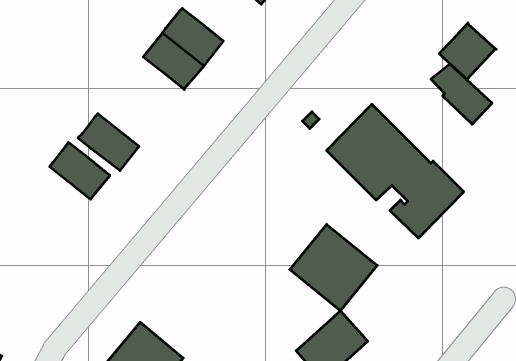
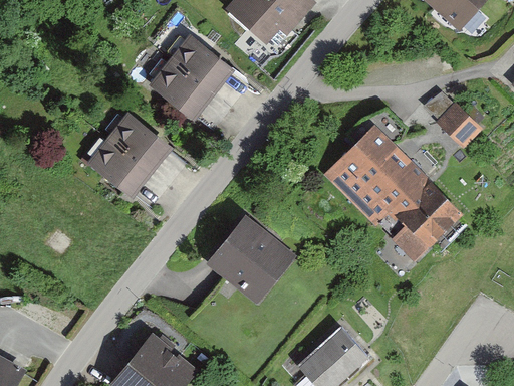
building: [439,23,496,80] -> none
building: [50,142,110,199] -> [110,116,168,170]
building: [290,224,377,311] -> [209,217,292,300]

